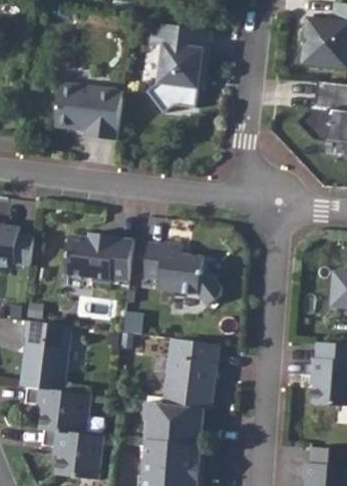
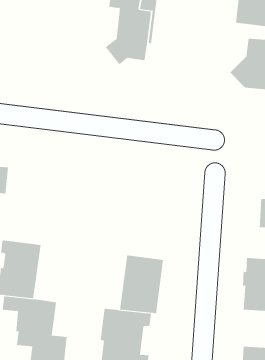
building: [54,82,121,139] -> none
building: [64,232,133,282] -> none
building: [143,241,220,305] -> none

